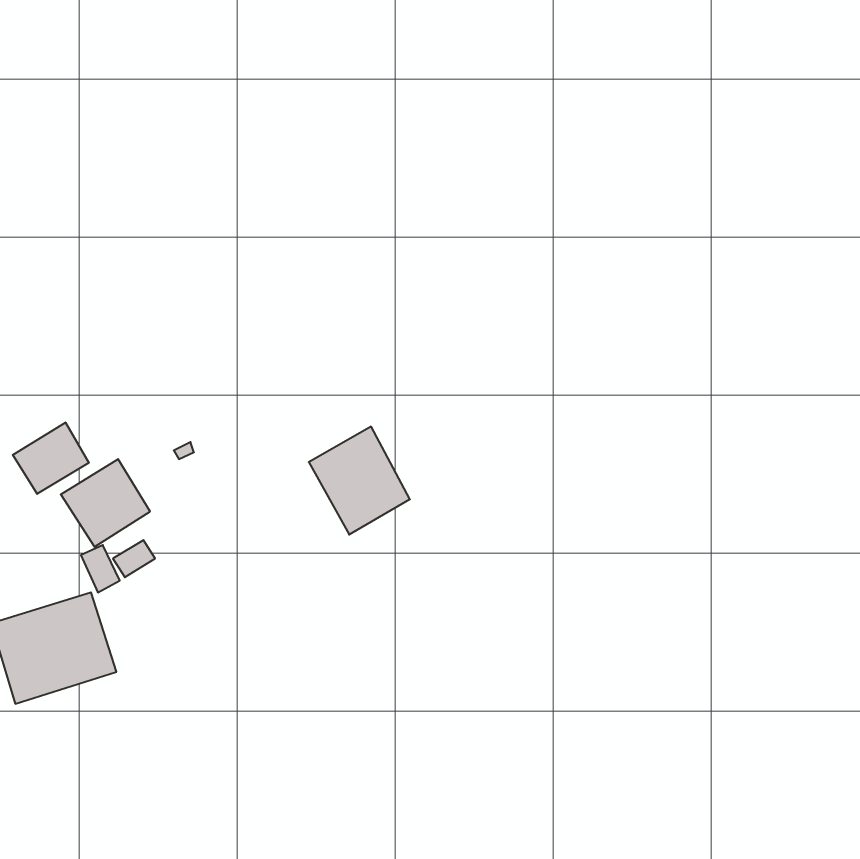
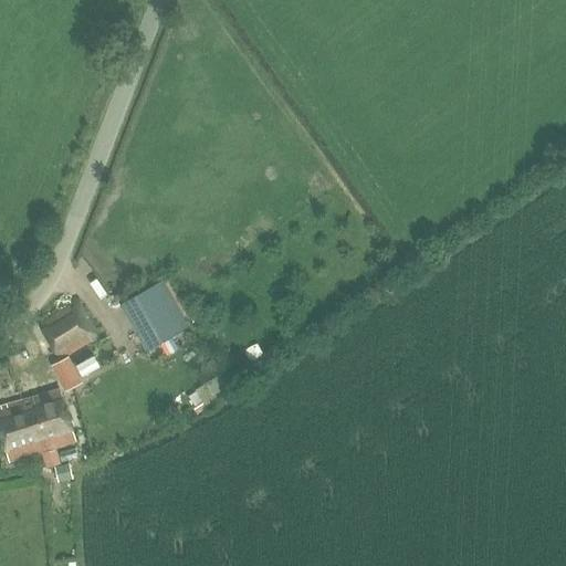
building: [13,422,89,494] -> none
building: [309,427,410,535] -> [122,282,188,353]

